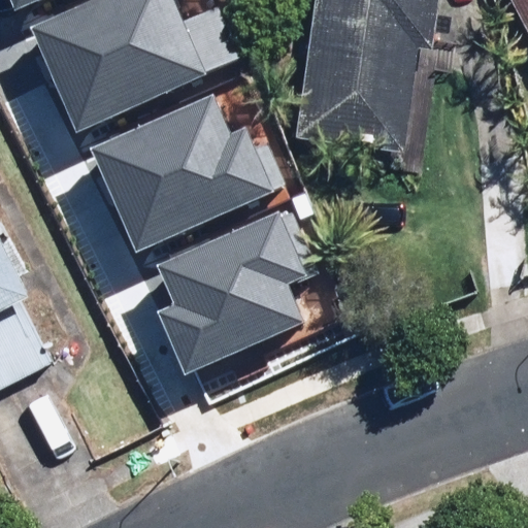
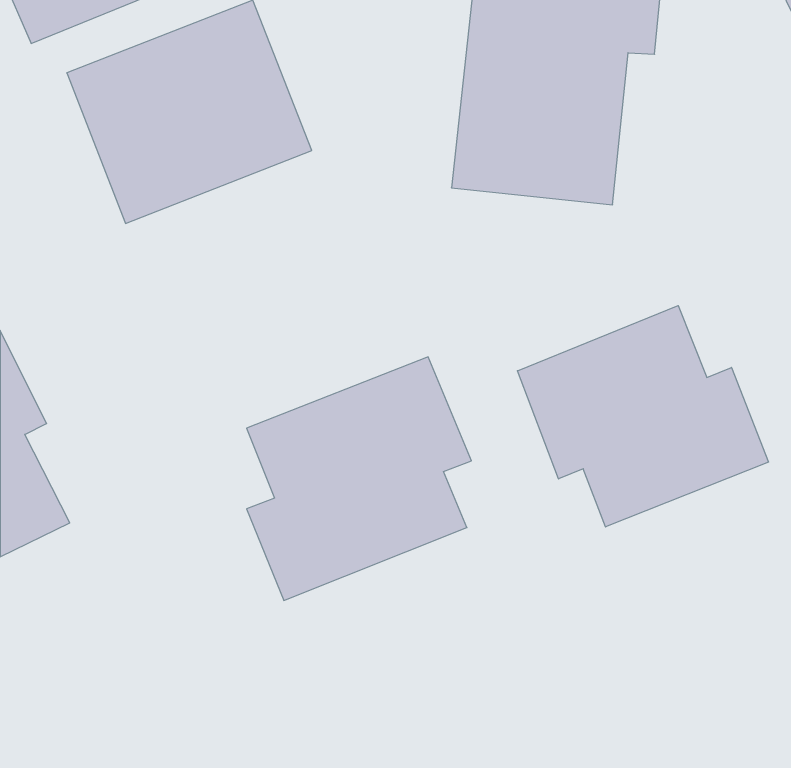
building: [95,121,283,278] -> none
building: none -> [517,306,768,527]

